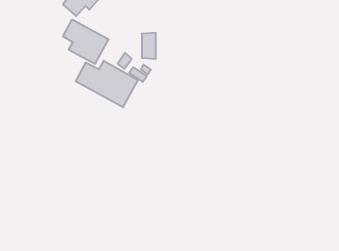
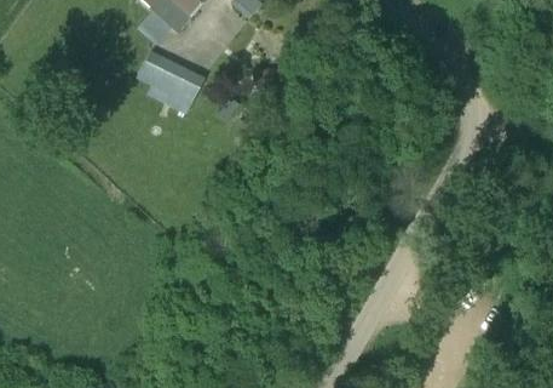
building: [76,61,138,107] -> none

